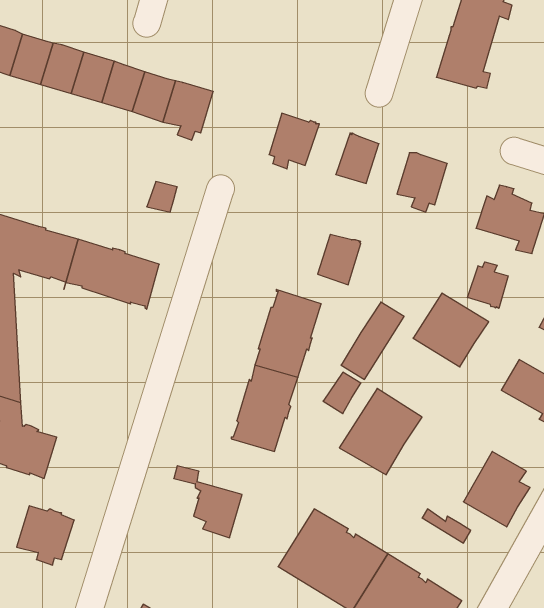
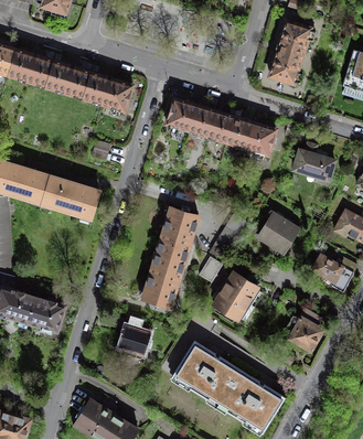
building: none -> [189,105,216,136]
building: [318,234,361,285] -> [226,117,253,148]
building: [467,262,508,308] -> none
building: [17,506,74,565] -> [29,297,64,333]

